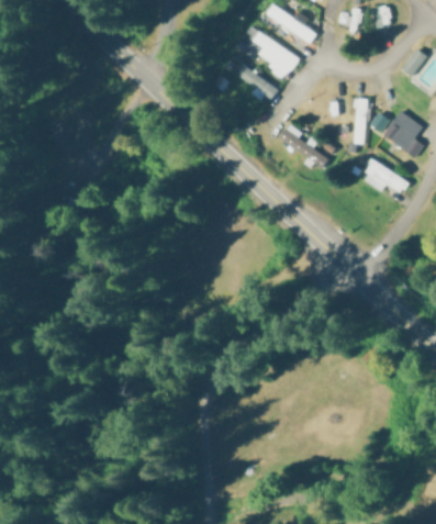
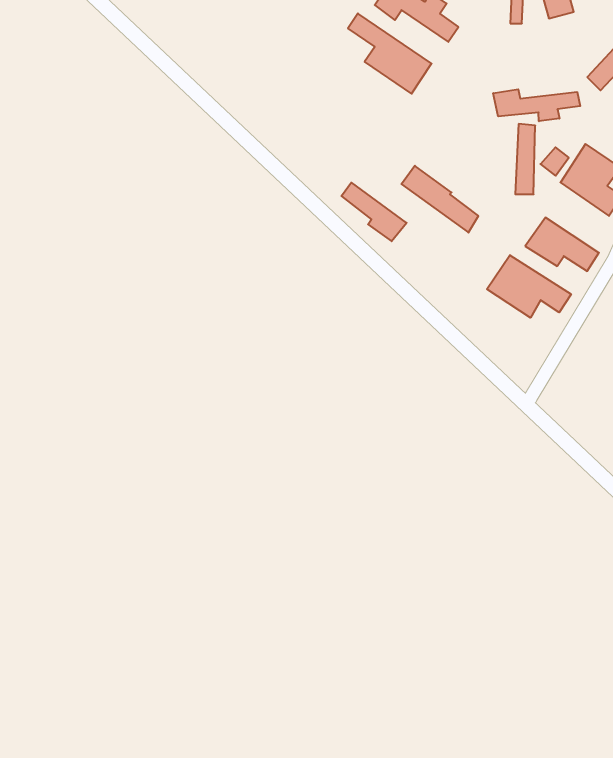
building: [236,64,279,102] -> [341,183,407,241]
building: none -> [493,89,580,121]
building: none -> [487,255,571,318]

